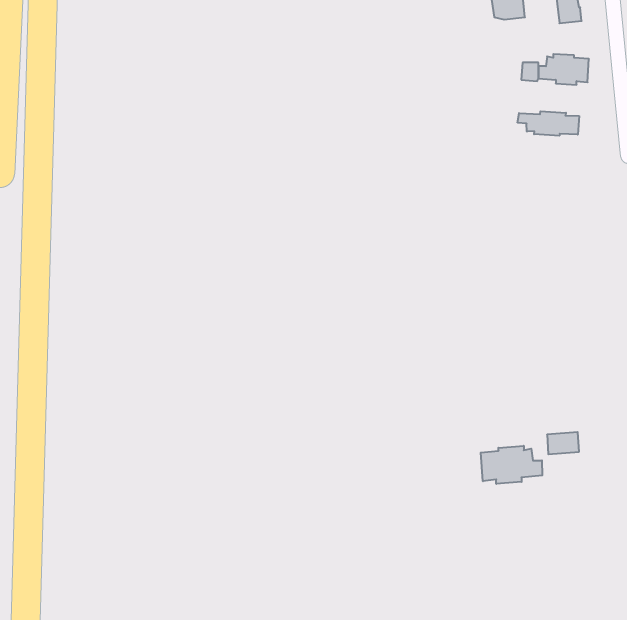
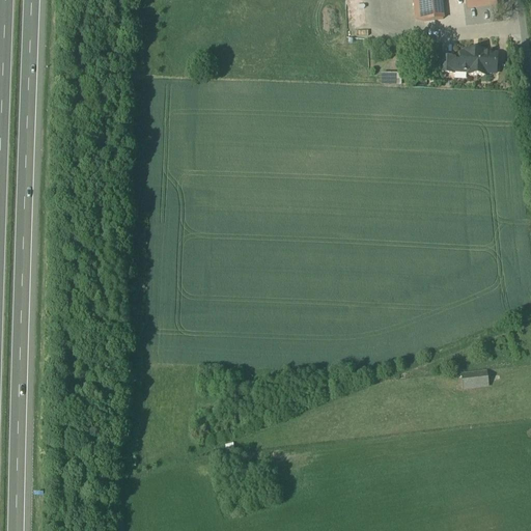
building: [518,111,579,136] -> none
building: [481,446,542,484] -> none

